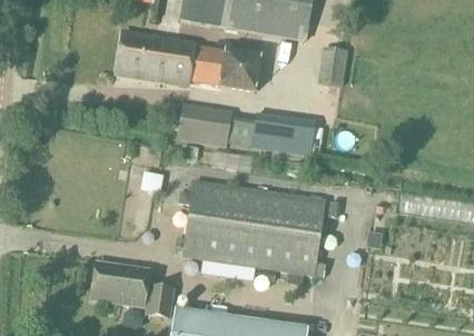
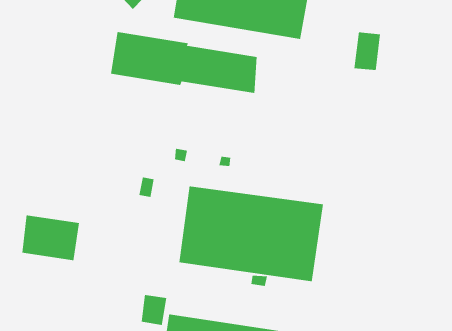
building: [318,47,345,85] -> [354,32,381,71]
building: [177,105,315,154] -> none
building: [92,263,149,307] -> [21,215,80,261]

